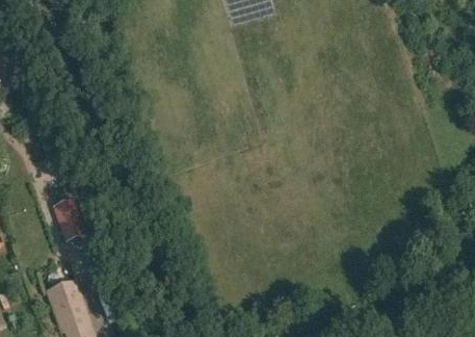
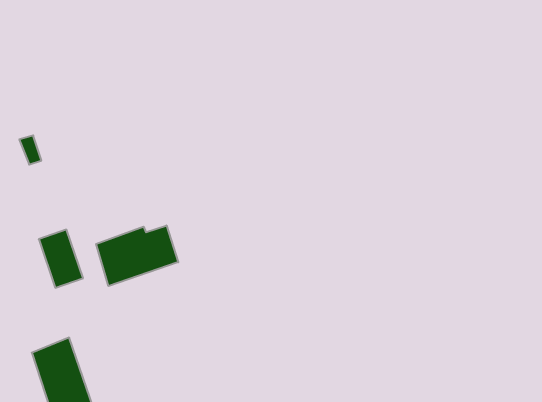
building: none -> [96,225,178,286]

